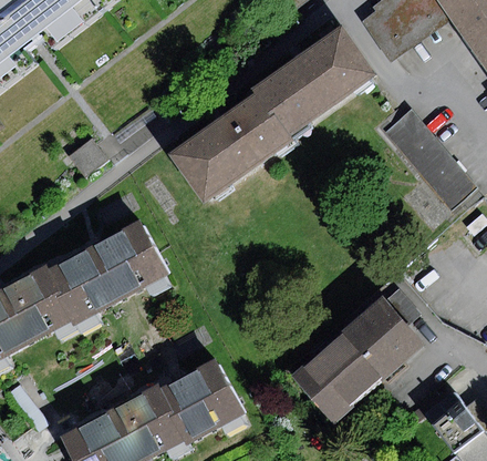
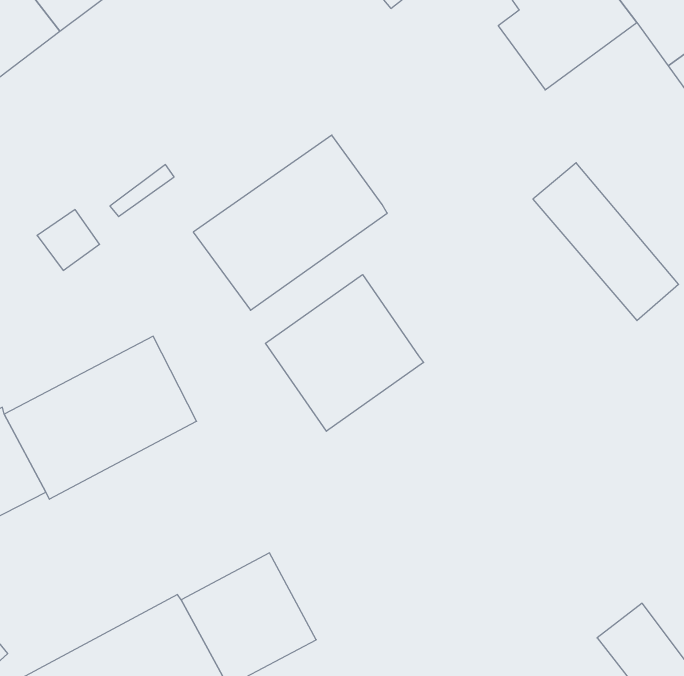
building: [253,25,374,135] -> none
building: none -> [265,275,424,431]
building: [292,296,421,420] -> none

